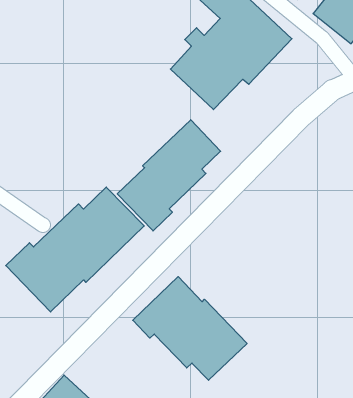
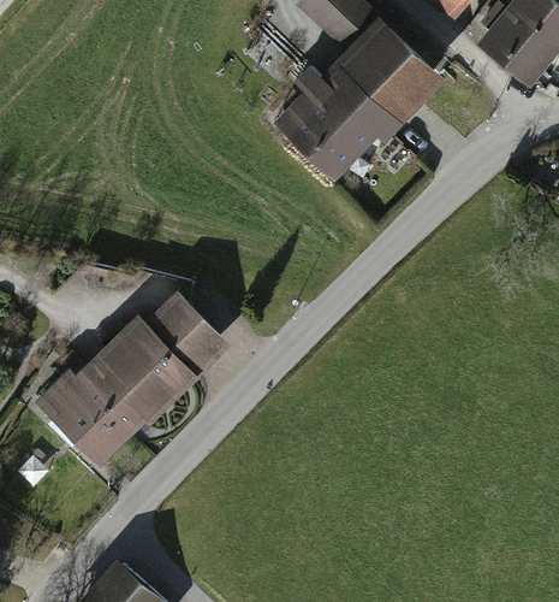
building: [117,120,221,231] -> none
building: [133,277,247,380] -> none

